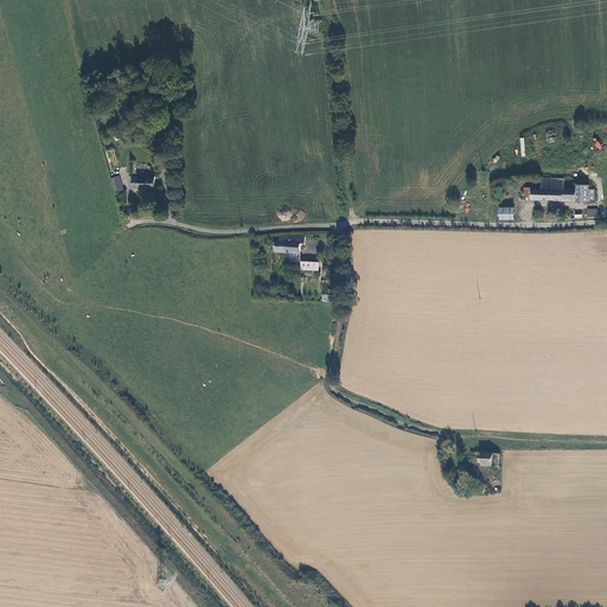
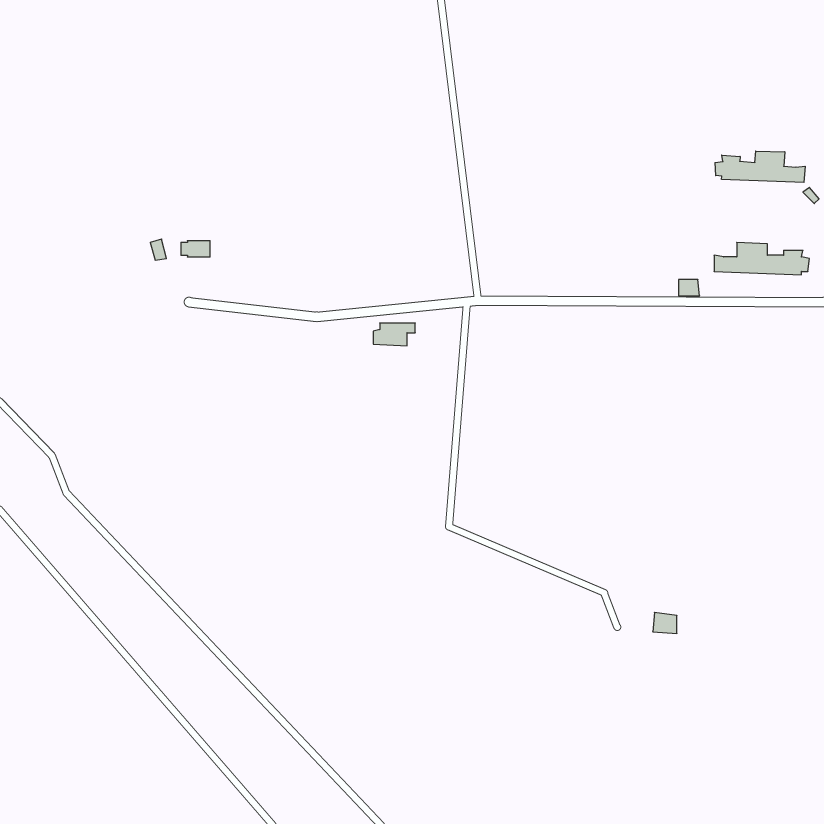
building: none -> [715,151,805,182]

